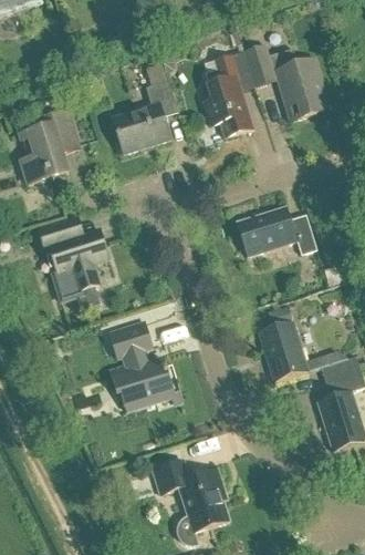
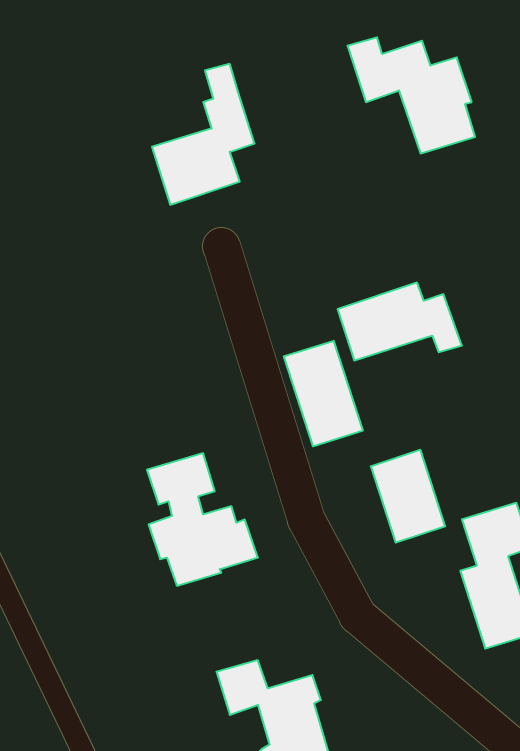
building: [204,49,254,135] -> none
building: [20,109,81,186] -> none
building: [40,217,109,302] -> none
building: none -> [284,341,363,446]

